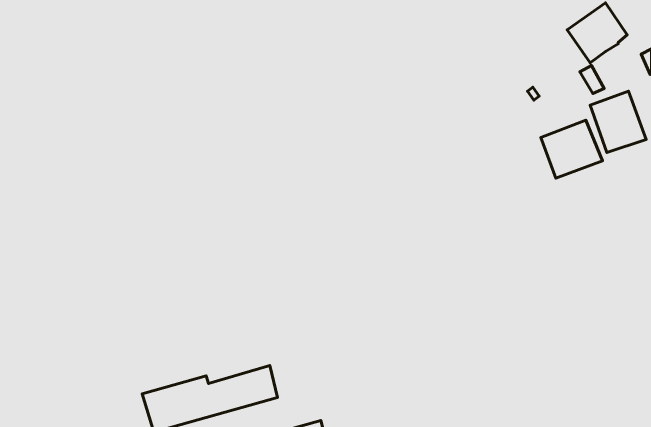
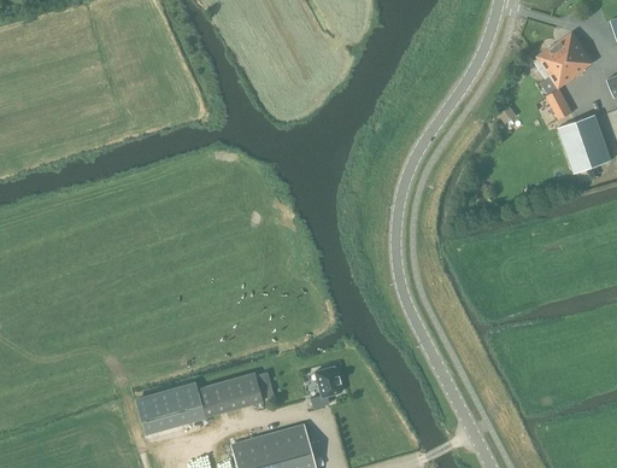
building: [541,120,603,178] -> none
building: none -> [310,364,341,408]

